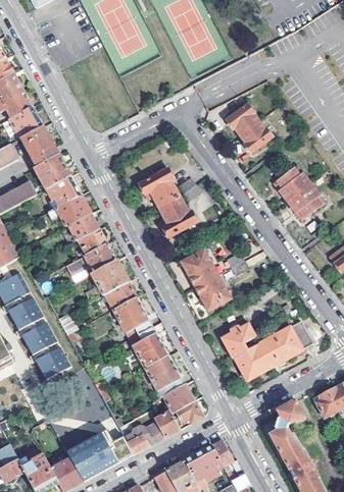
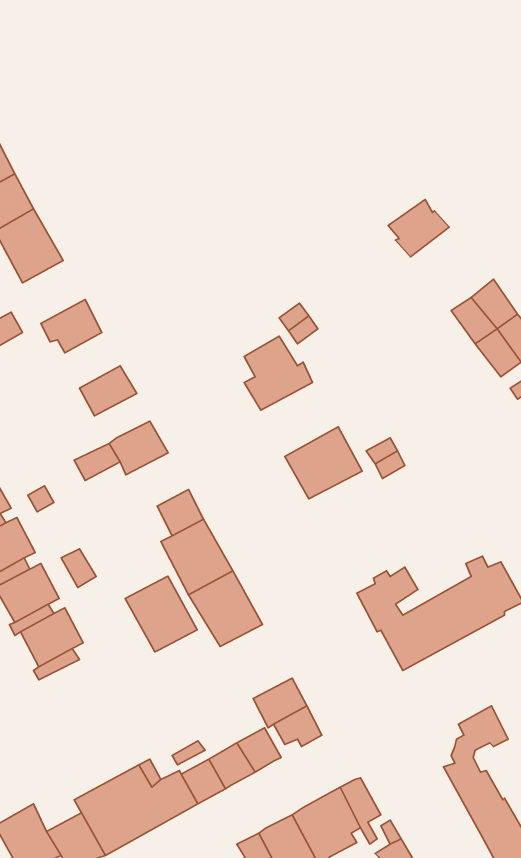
building: [225,102,258,134] -> none
building: [34,154,70,188] -> none
building: [138,167,178,207] -> none
building: [47,194,90,225] -> none
building: [78,227,106,252] -> none
building: [91,260,128,293] -> none
building: [194,270,237,310] -> none
building: [145,354,185,396] -> [125,576,197,652]

